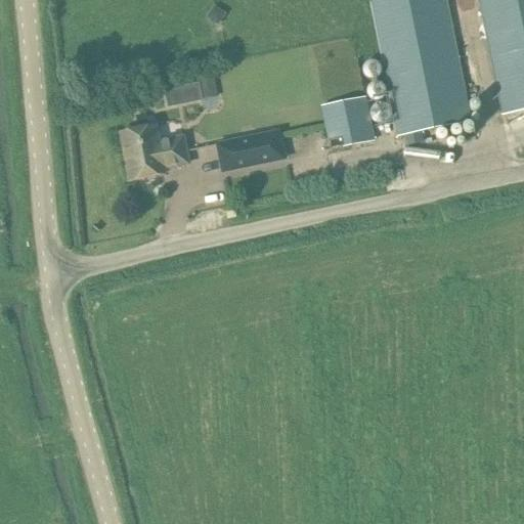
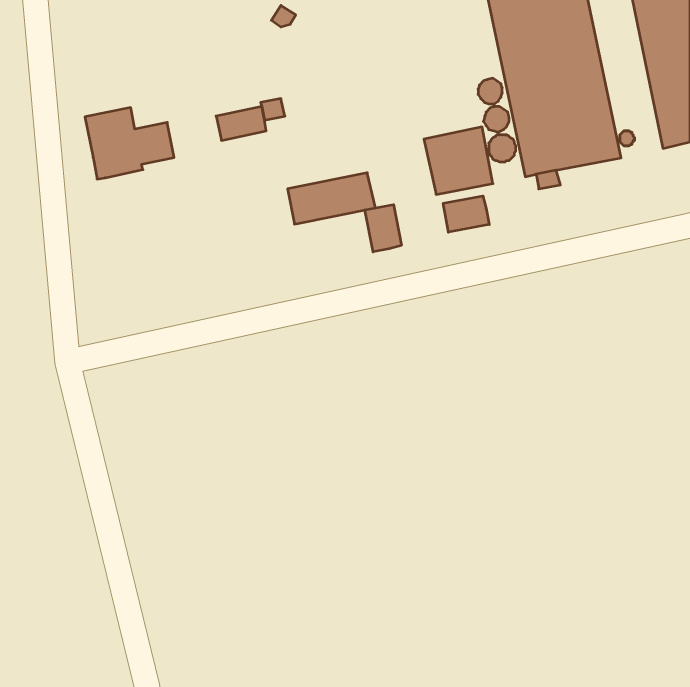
building: [121,125,188,179] -> [85,108,174,179]
building: none -> [443,196,489,232]
building: none -> [365,205,401,252]

